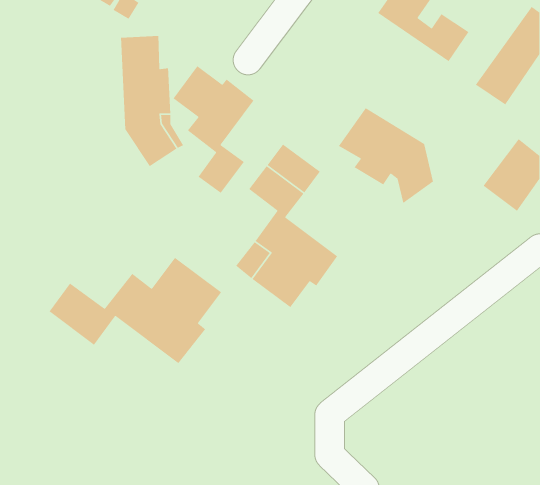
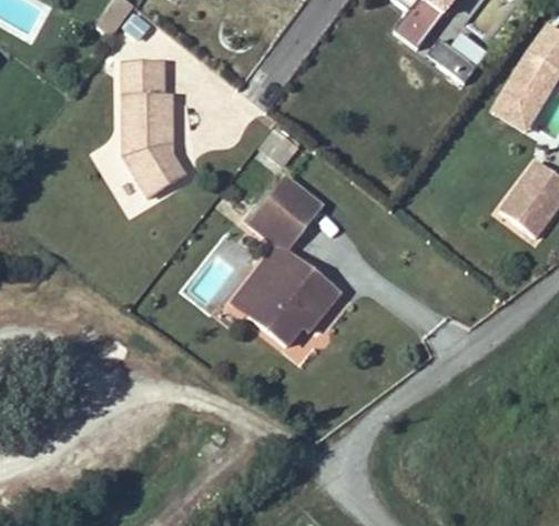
building: [172,65,255,194] -> none
building: [338,107,434,204] -> none
building: [49,257,222,364] -> none

